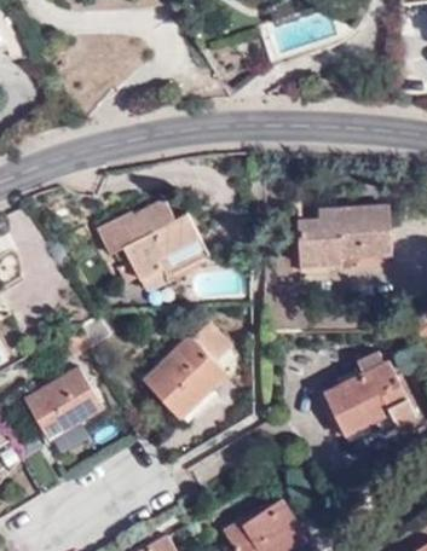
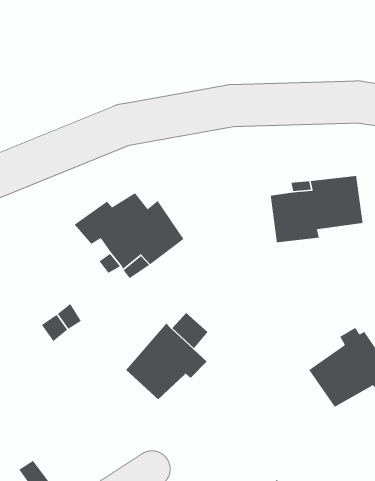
building: [22,369,103,441] -> none

